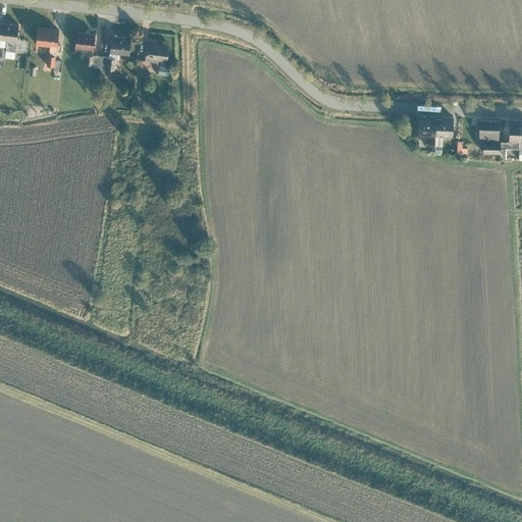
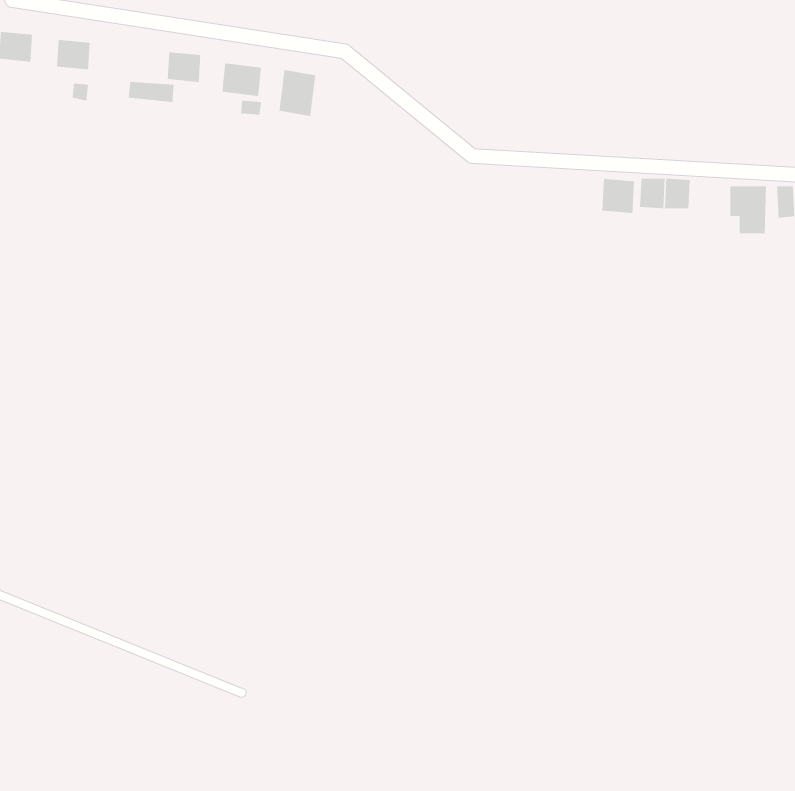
building: [73,33,96,53] -> none
building: none -> [278,69,316,117]
building: none -> [602,178,635,214]

